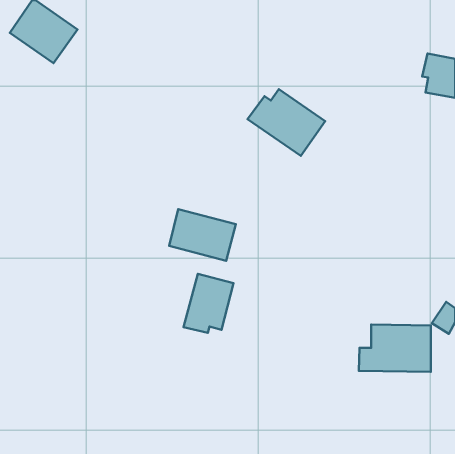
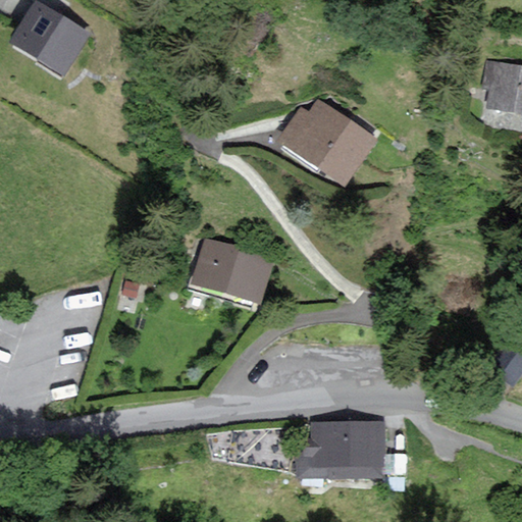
building: [183,274,234,333] -> none
building: [359,325,431,372] -> [300,424,382,478]

